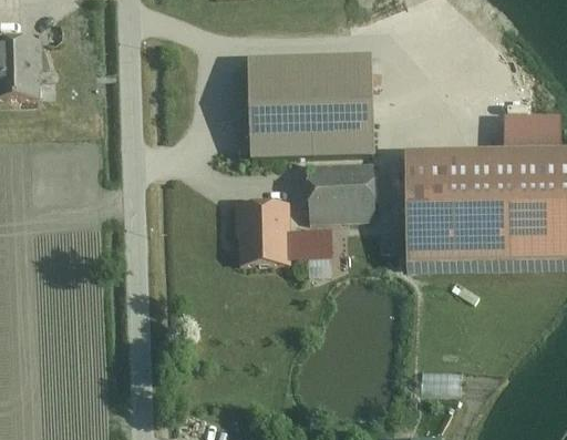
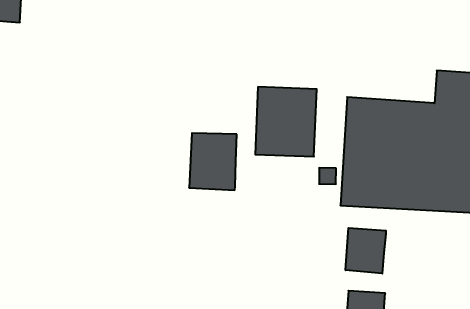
building: [250,58,372,147] -> none
building: [288,229,332,258] -> none
building: none -> [346,228,386,274]

